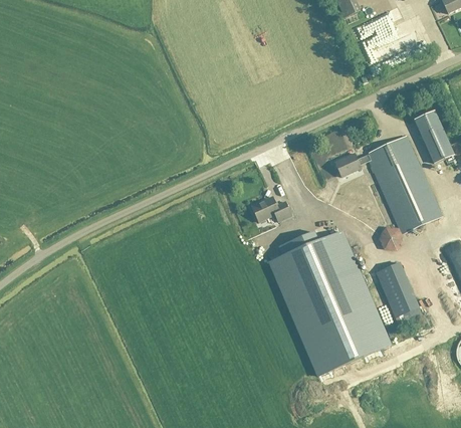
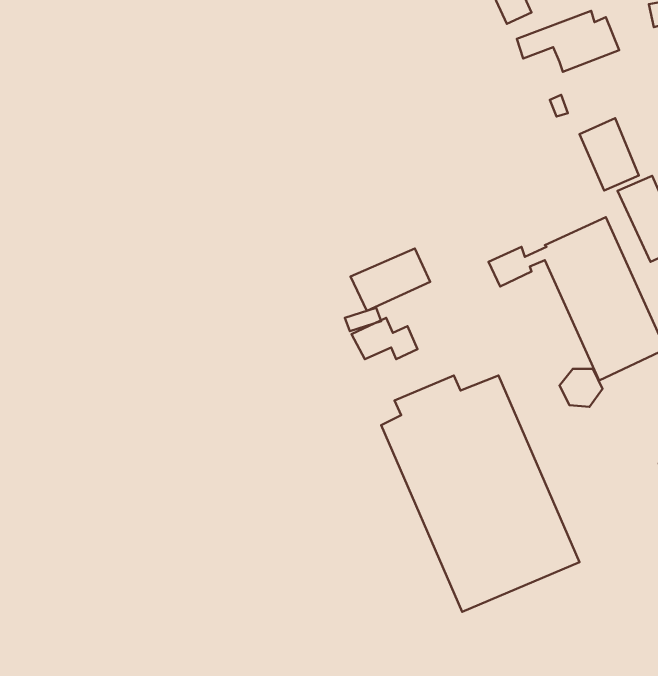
building: none -> [579,118,639,190]
building: none -> [351,248,430,311]
building: [377,262,422,325] -> none

